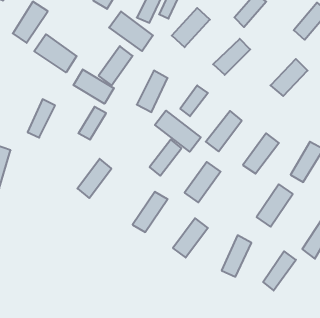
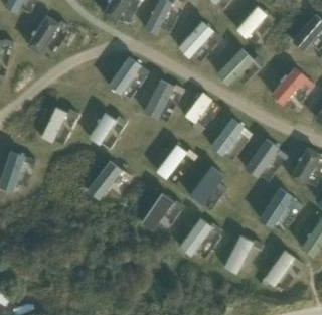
building: [109,11,153,51] -> none
building: [34,34,77,72] -> none
building: [73,69,114,104] -> none
building: [155,111,201,152] -> none

